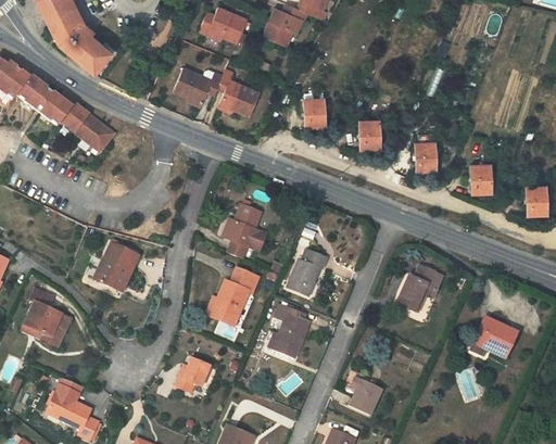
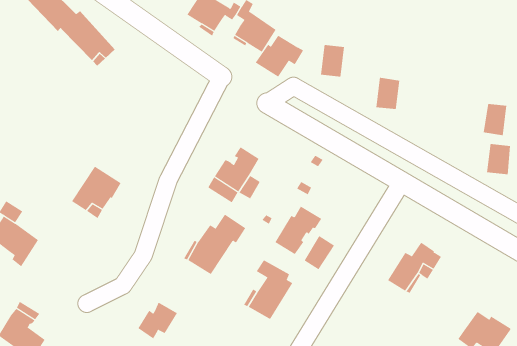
building: none -> [255,35,304,77]
building: [416,142,435,170] -> [483,104,507,136]
building: none -> [304,235,335,270]

